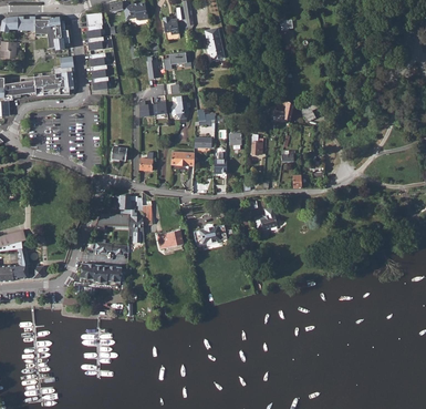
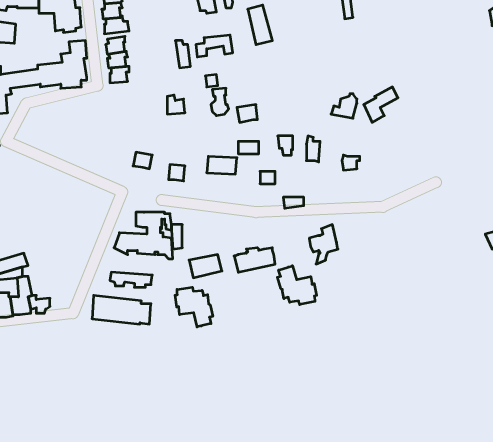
building: none -> [277,266,317,305]
building: none -> [175,287,213,327]

